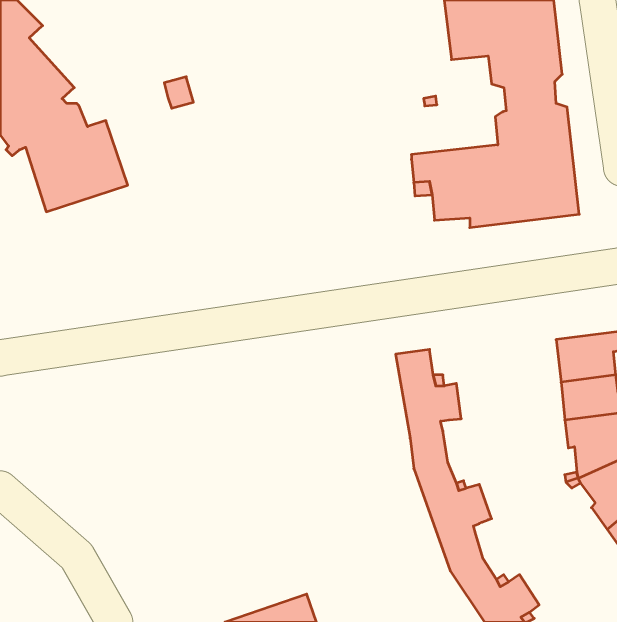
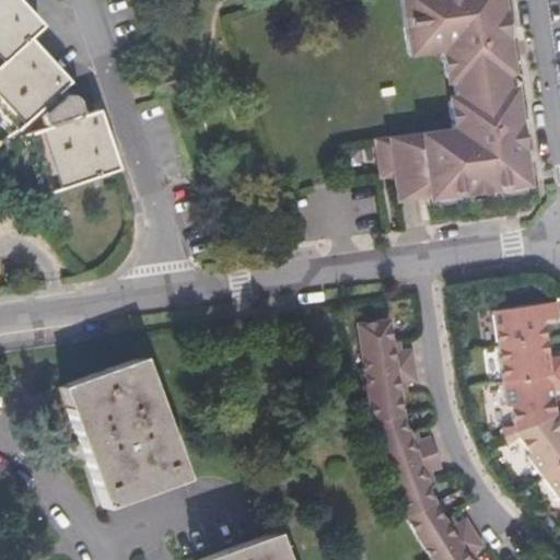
building: none -> [66,358,189,506]

